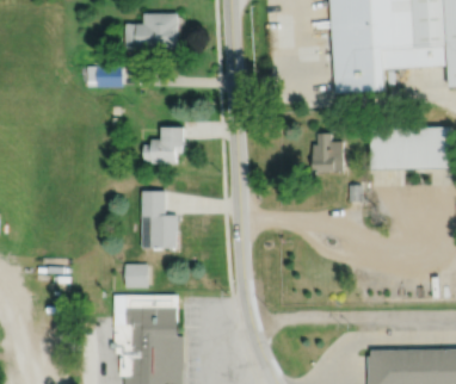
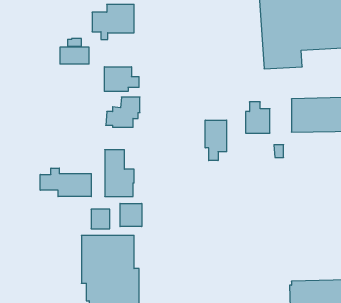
building: none -> [104,67,139,91]
building: none -> [205,120,227,161]
building: none -> [40,168,91,197]
building: none -> [120,203,142,227]

